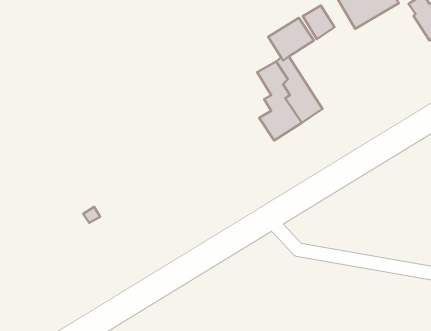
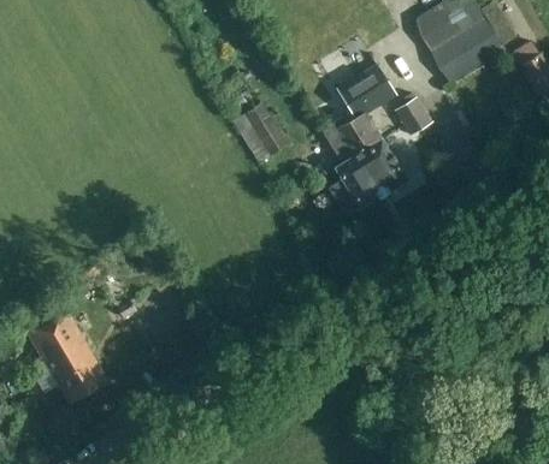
building: [303,5,335,39] -> [392,95,431,136]
building: none -> [243,102,287,155]
building: none -> [33,314,110,401]

